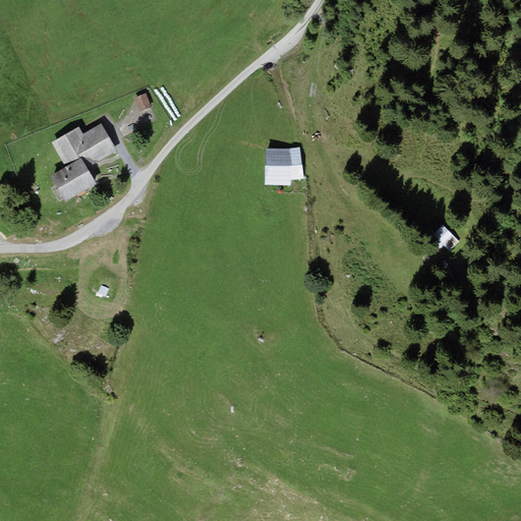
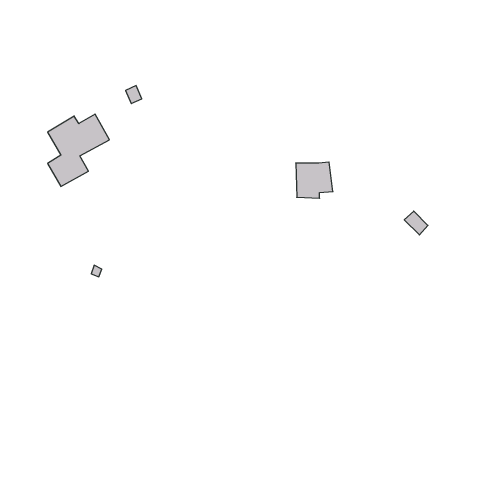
building: [265,147,304,185] -> [296,162,333,198]

